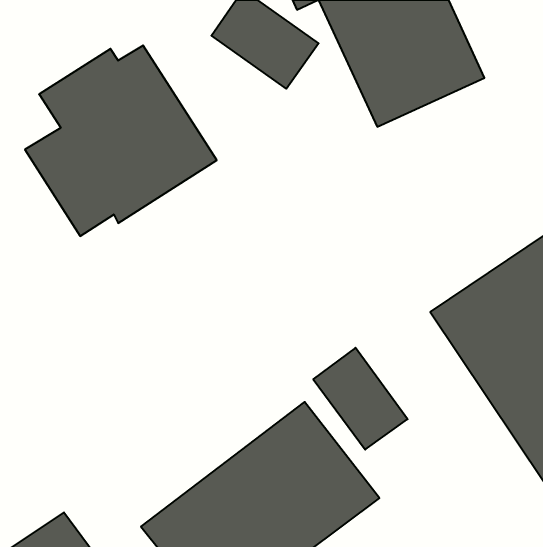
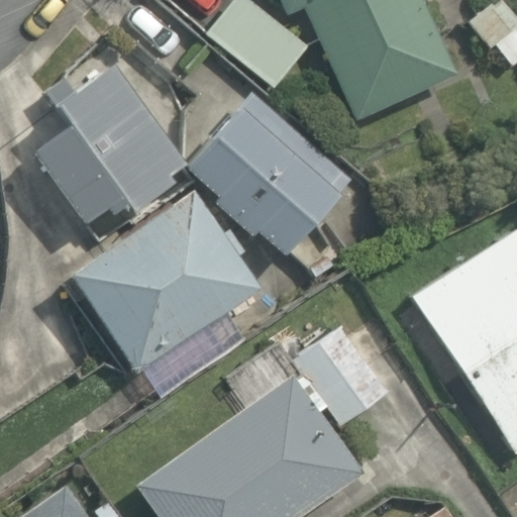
building: none -> [197,95,351,263]
building: none -> [74,190,253,370]

